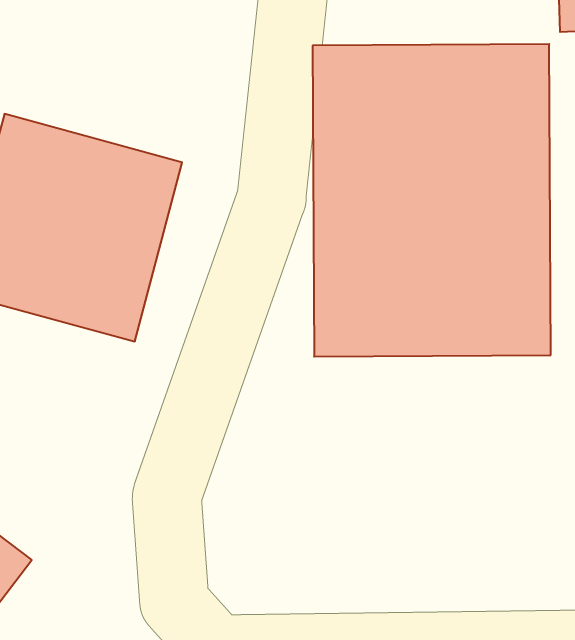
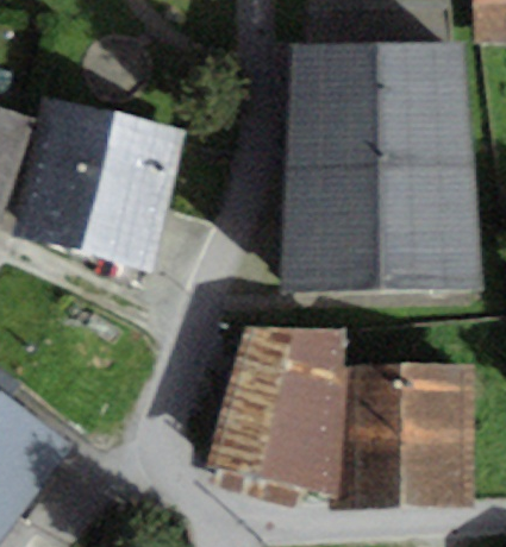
building: none -> [192,327,337,496]
building: none -> [344,364,473,495]

